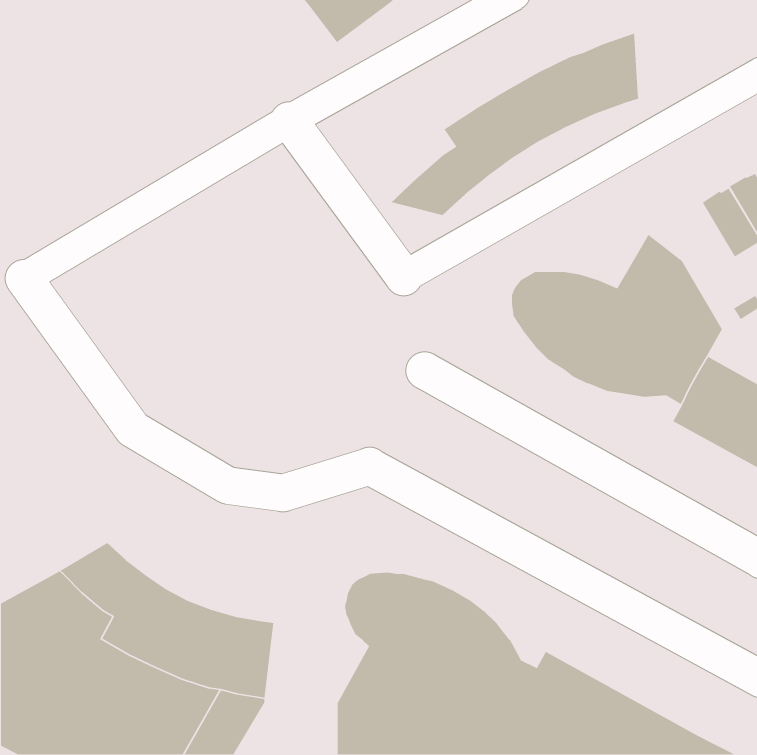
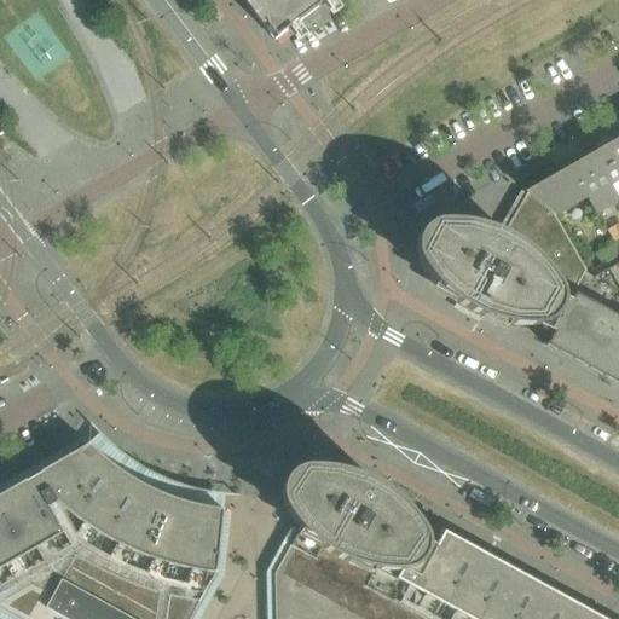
building: [390,32,639,216] -> none
building: none -> [530,164,600,212]

